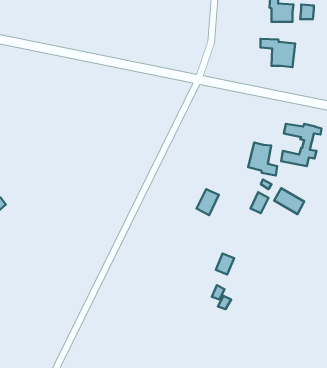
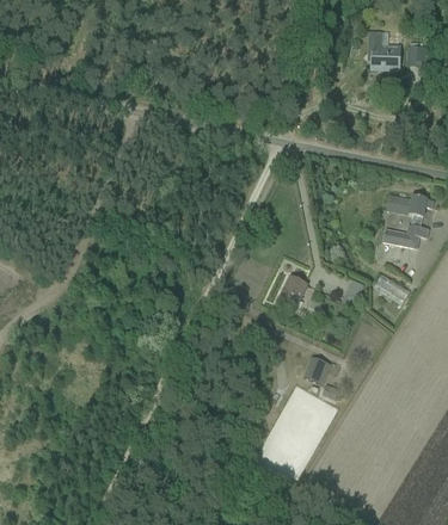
building: [260,39,295,67] -> none
building: [248,142,277,175] -> none

